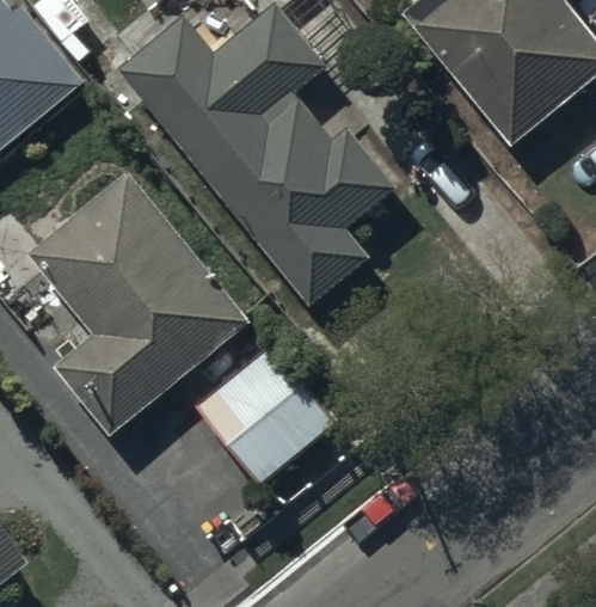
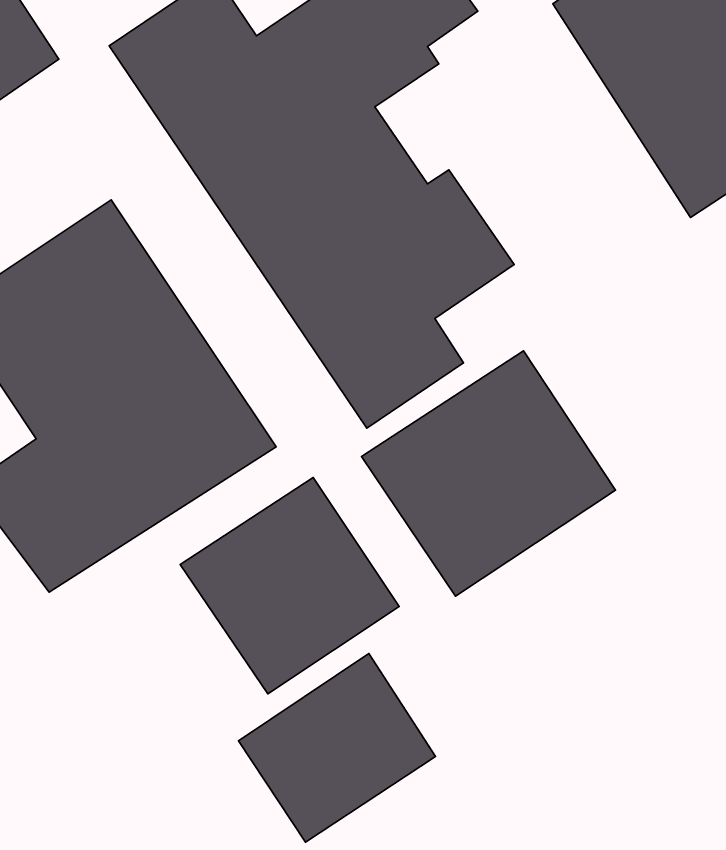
building: none -> [362,351,615,596]
building: none -> [238,654,435,842]

